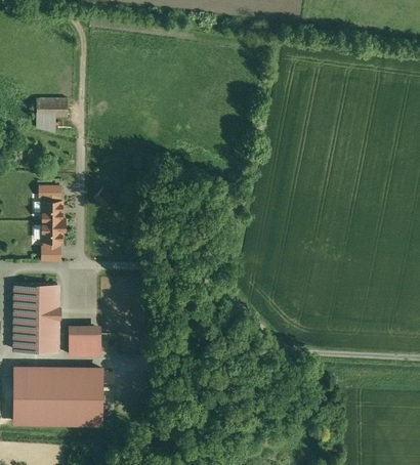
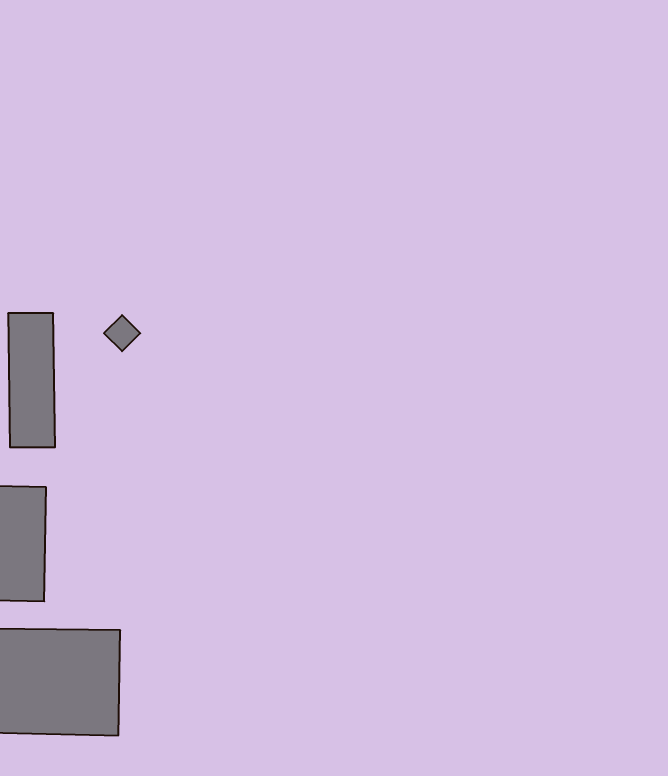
building: [40,98,73,131] -> none
building: [69,333,100,355] -> none

